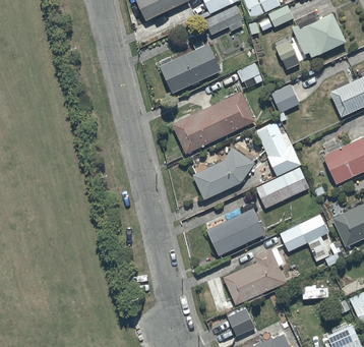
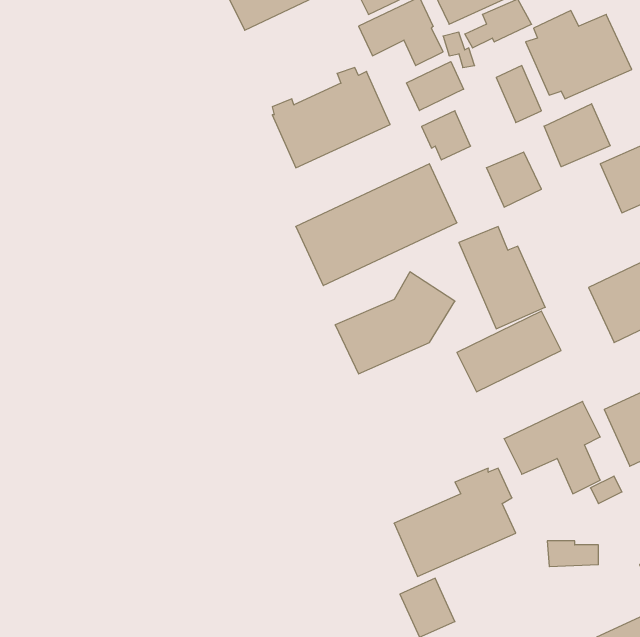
building: none -> [407,62,464,111]
building: none -> [544,104,610,167]
building: [205,208,265,255] -> none

